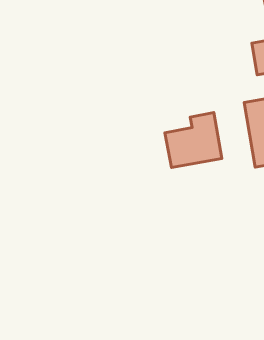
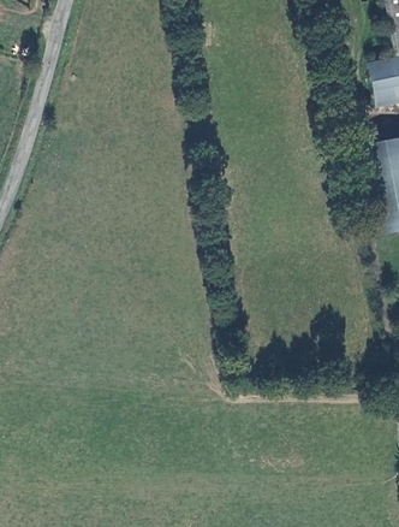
building: [165,112,222,168] -> none

